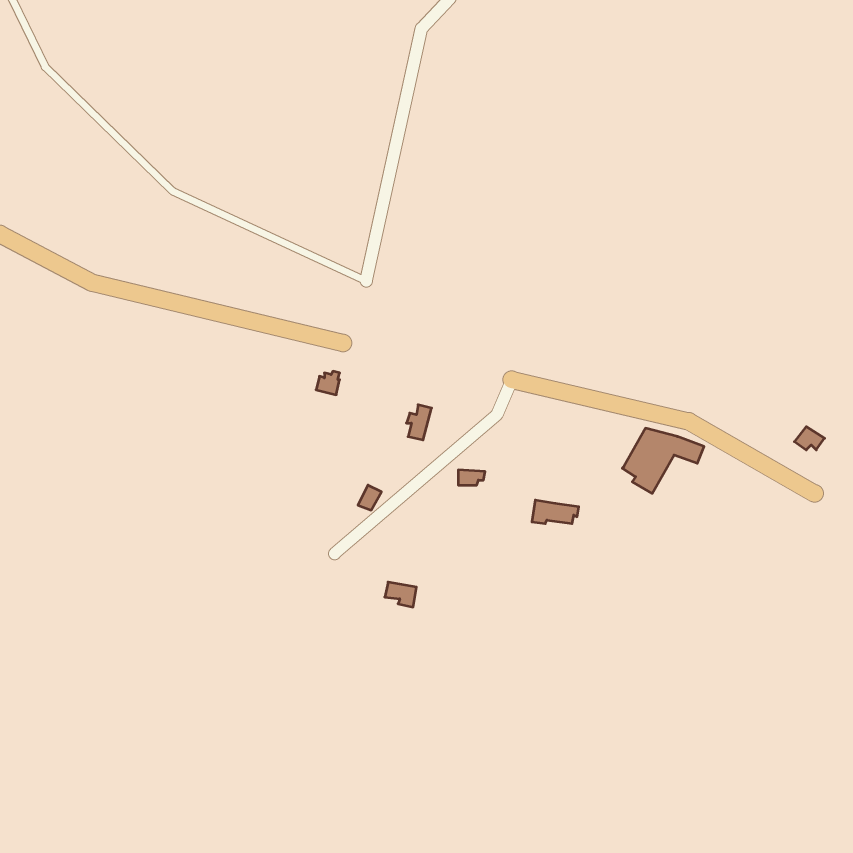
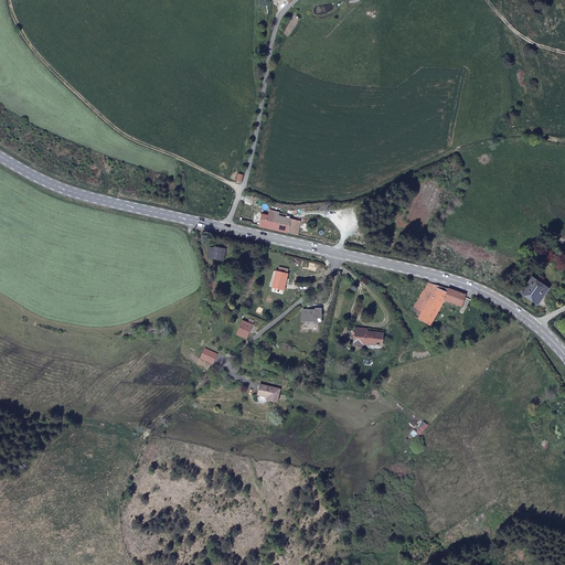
building: none -> [260,210,302,234]

